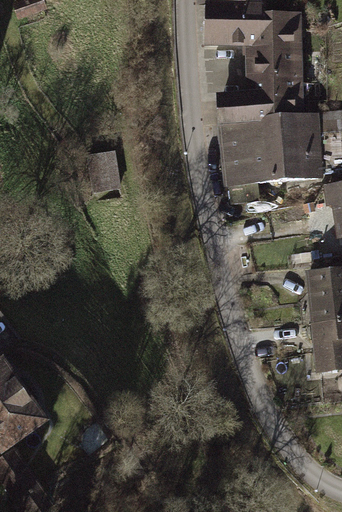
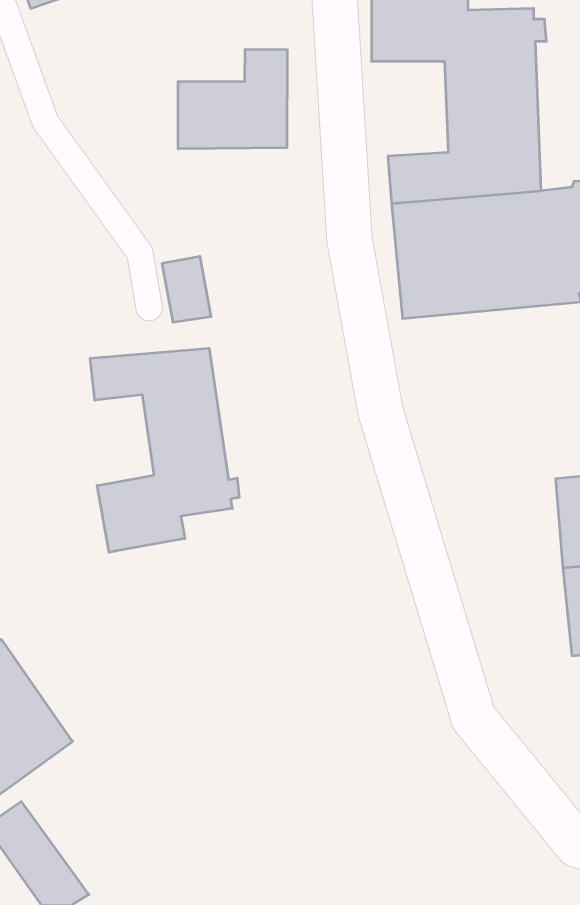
building: none -> [178,49,287,149]
building: none -> [90,348,239,552]

